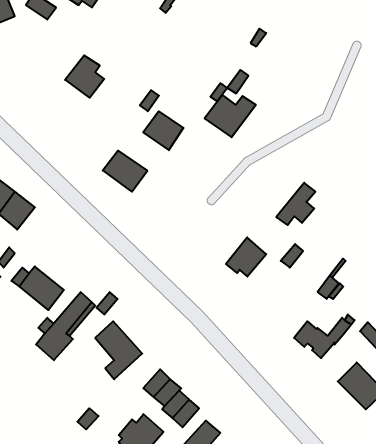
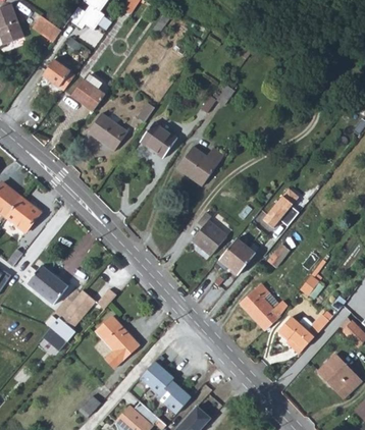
building: none -> [42,60,74,91]
building: [205,95,256,137] -> [177,149,224,187]
building: [103,151,147,192] -> [89,116,129,154]
building: none -> [190,213,229,257]
building: none -> [240,284,286,330]

